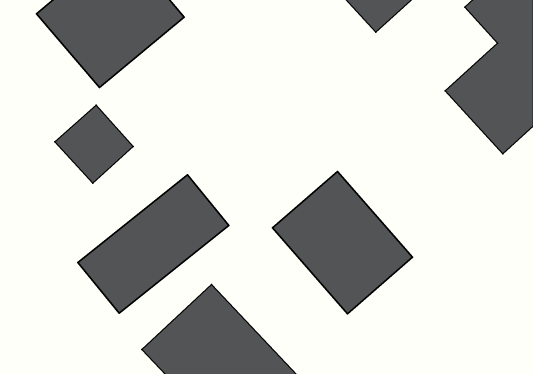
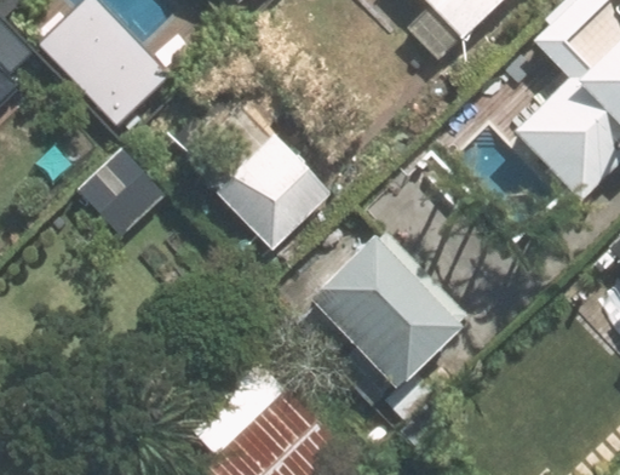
building: none -> [207,124,339,253]
building: [78,175,229,313] -> none

